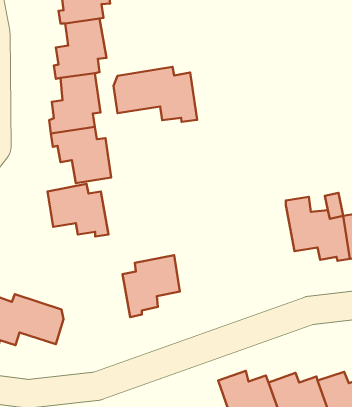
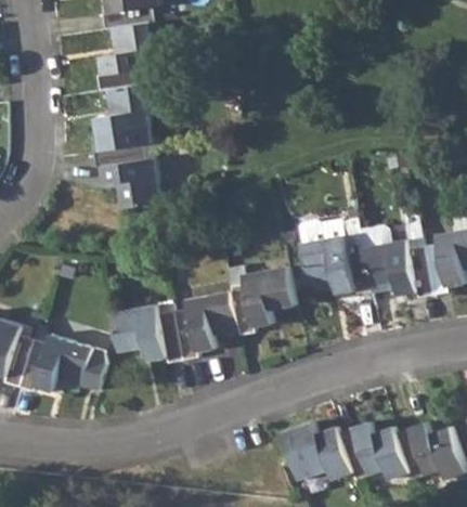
building: [114,67,197,122] -> none
building: [47,184,108,236] -> [113,303,182,363]
building: none -> [298,219,369,294]
building: none -> [231,266,294,336]

